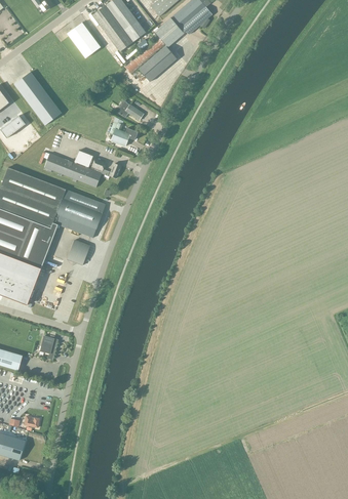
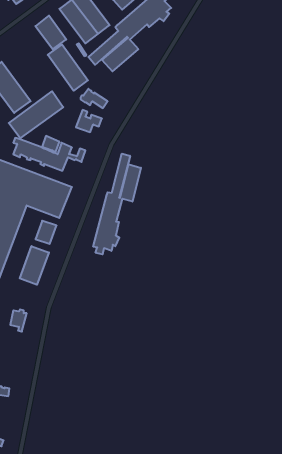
building: none -> [48,45,88,91]
building: none -> [9,91,63,138]
building: none -> [93,154,141,254]
building: none -> [20,246,49,285]

